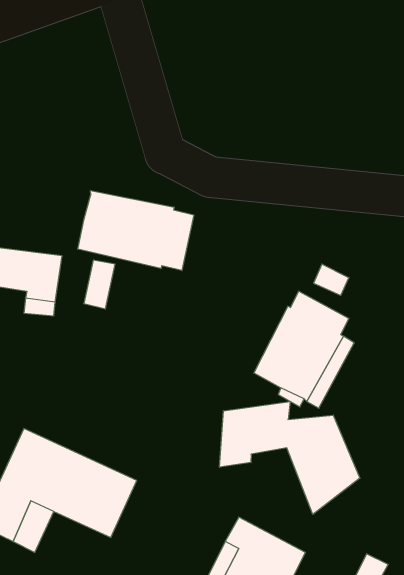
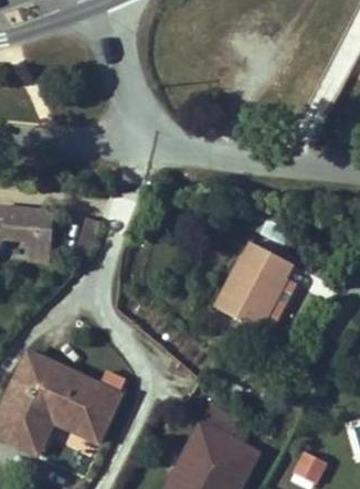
building: [78,191,194,271] -> none
building: [220,401,360,514] -> none

